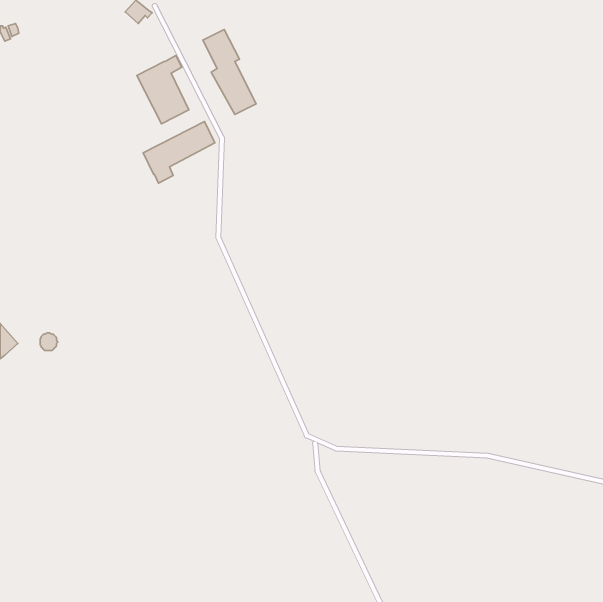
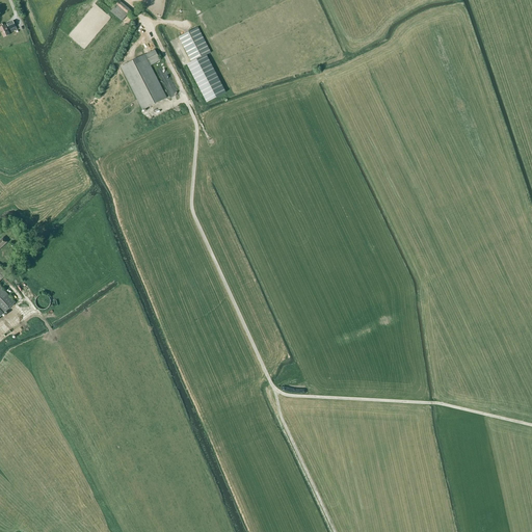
building: [143,122,215,183] -> none

